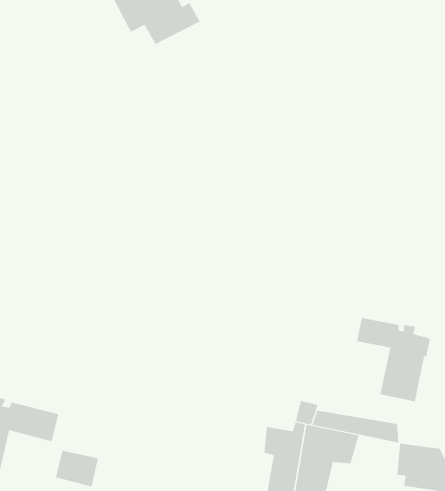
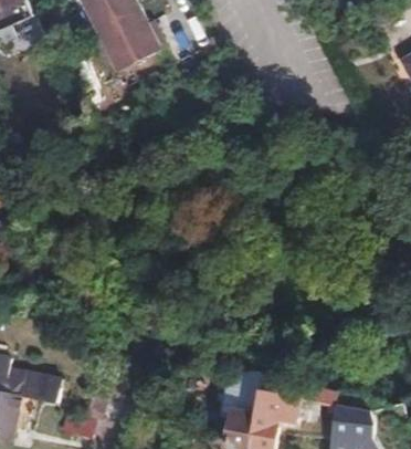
building: [357,317,431,402] -> none

